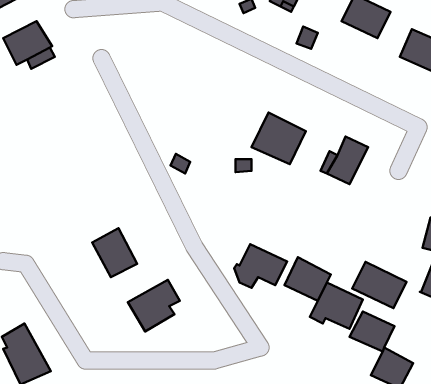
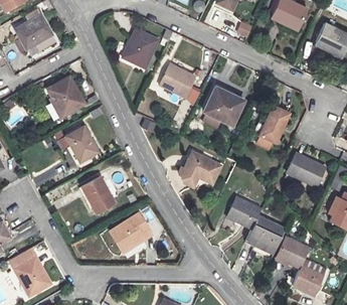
building: none -> [122,30,159,69]
building: none -> [159,63,196,99]
building: none -> [46,75,83,115]
building: none -> [63,125,97,162]
building: [234,244,287,288] -> [180,152,220,185]
building: [352,262,407,308] -> [287,152,328,187]

